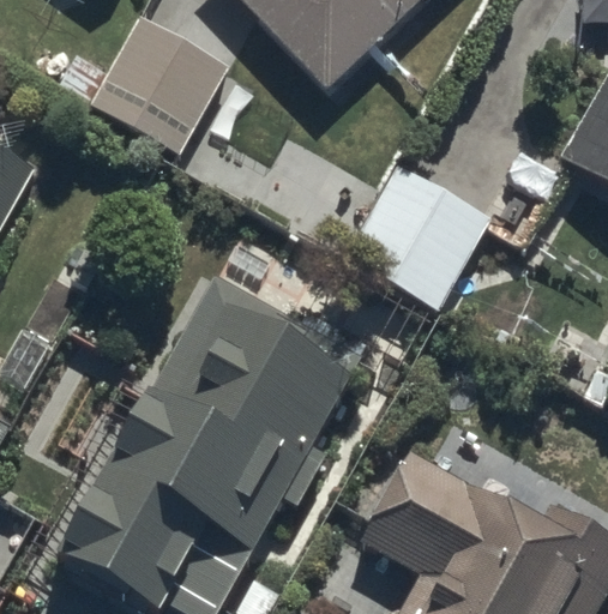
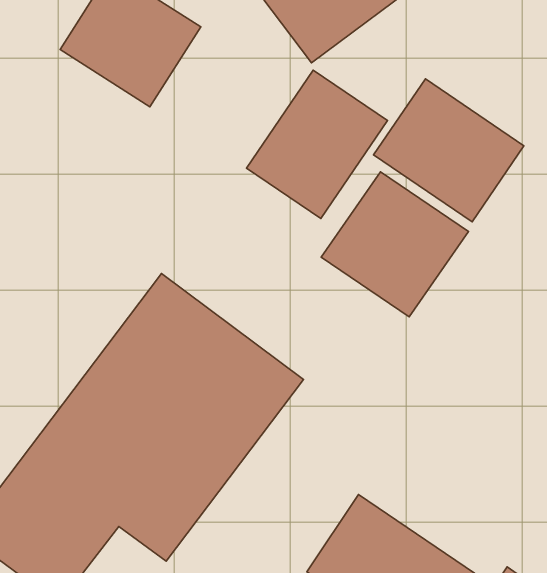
building: none -> [374,79,524,222]
building: none -> [247,70,387,218]

